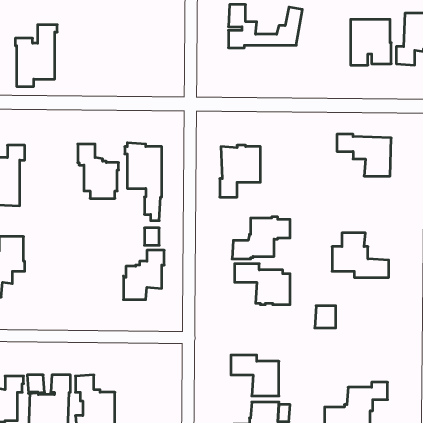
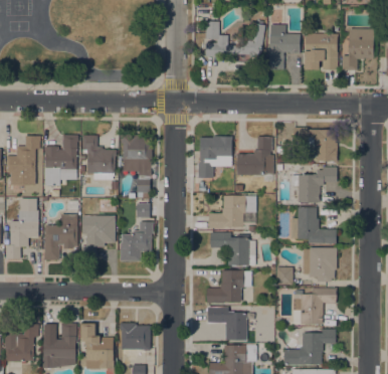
building: none -> [268,24,300,69]
building: [15,25,57,86] -> [44,135,78,185]
building: none -> [236,136,273,175]
building: none -> [290,167,337,202]
building: none -> [81,211,115,258]
building: none -> [43,214,77,259]
building: none -> [303,247,337,282]
building: none -> [206,269,251,303]
building: none -> [293,288,336,324]
building: none -> [120,323,150,350]

